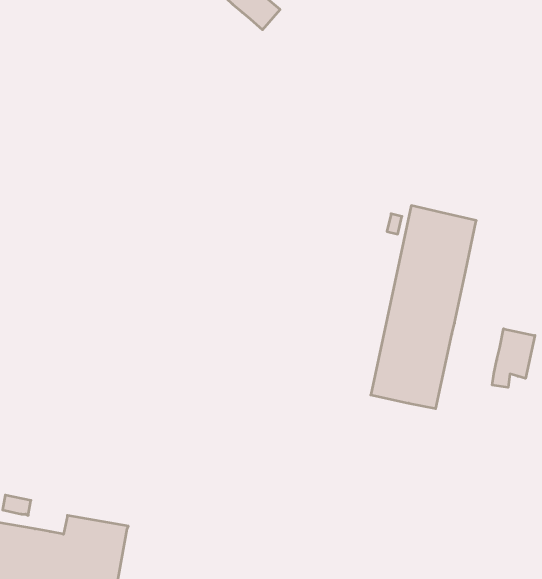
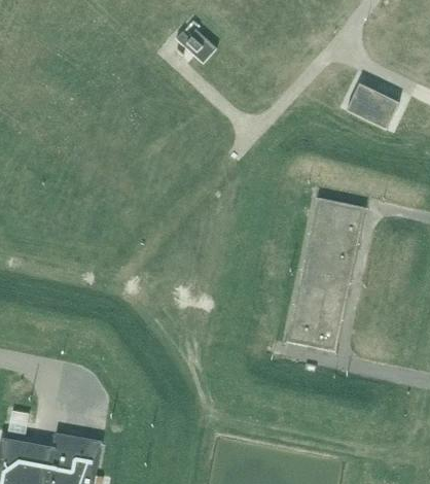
building: none -> [348,83,400,130]
building: [492,329,535,387] -> none

